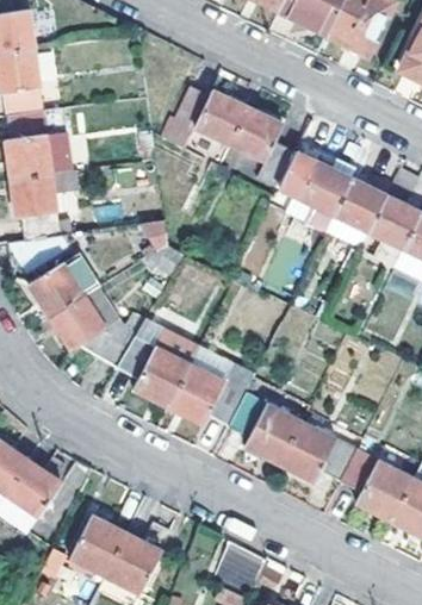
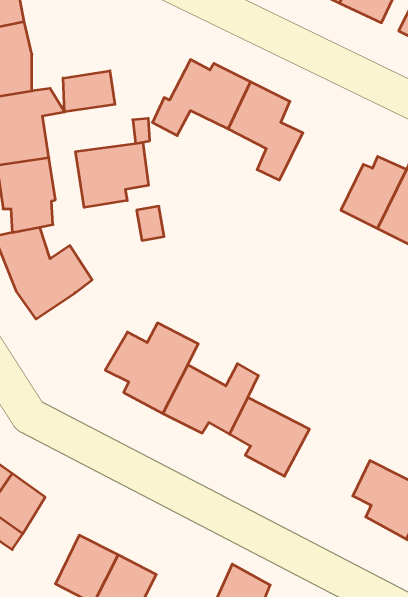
building: none -> [63,71,115,112]
building: [273,141,349,235] -> none
building: none -> [76,142,148,207]
building: [51,297,135,367] -> none
building: [278,420,355,481] -> none

